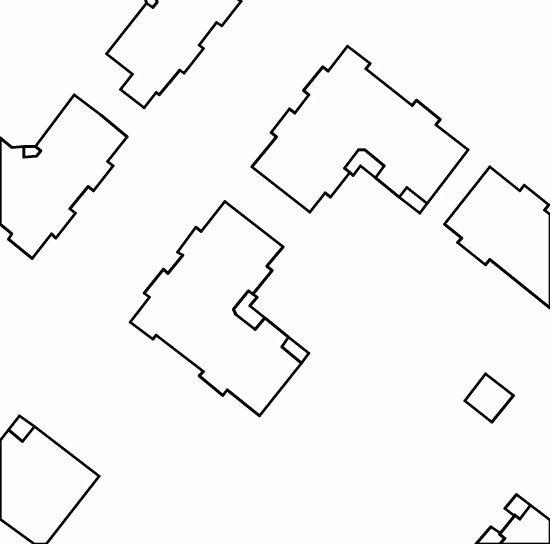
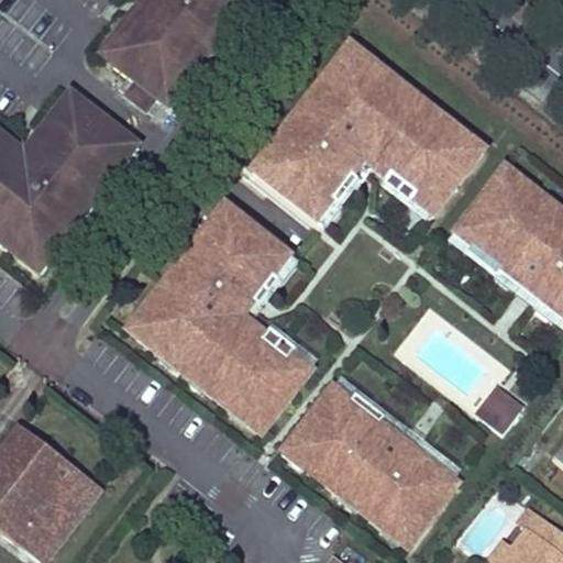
building: none -> [287,383,453,539]

